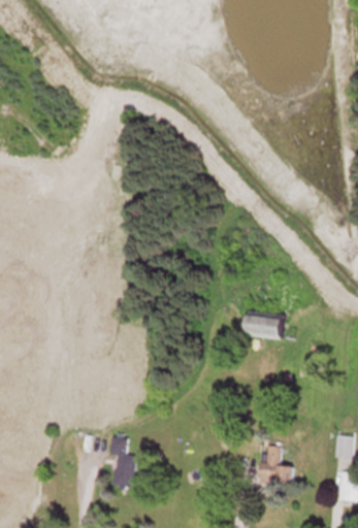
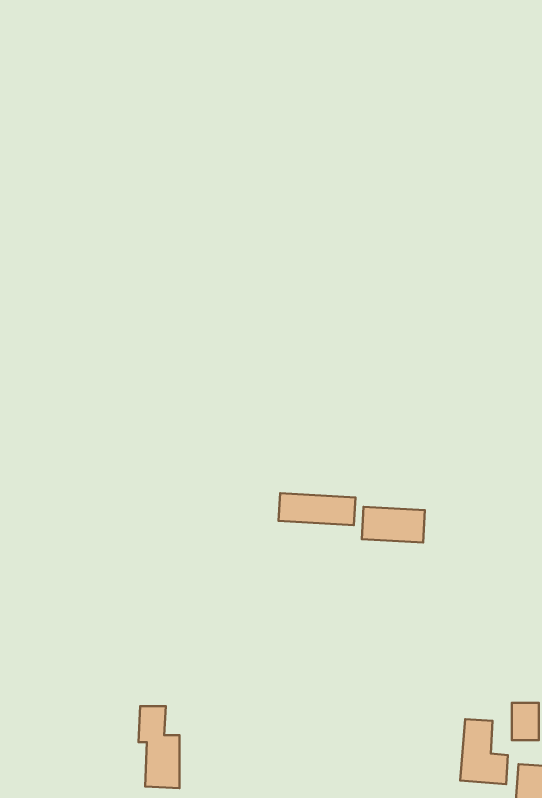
building: none -> [279,493,356,525]
building: [260,444,289,484] -> [460,719,508,784]

